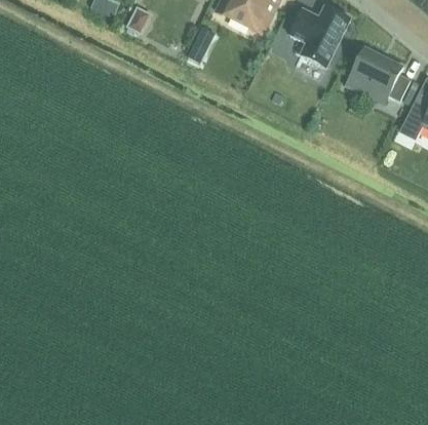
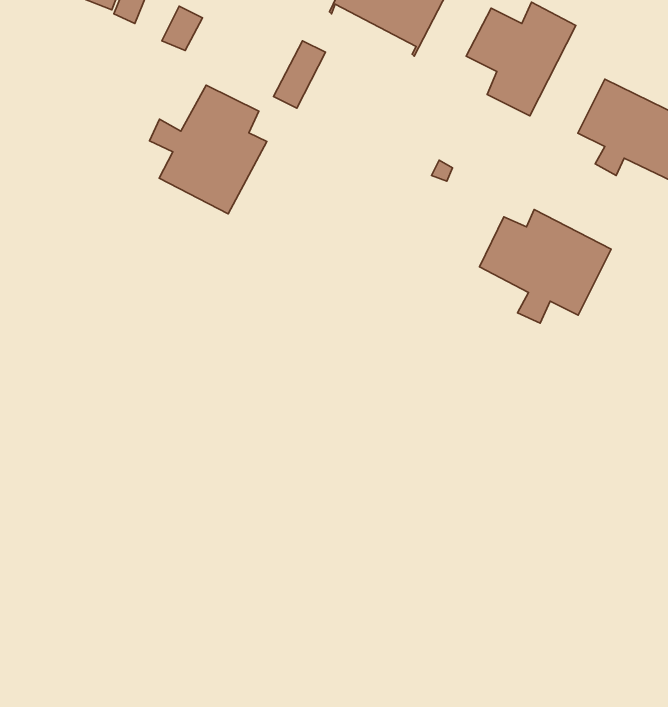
building: none -> [150,85,267,214]
building: none -> [480,210,611,323]

